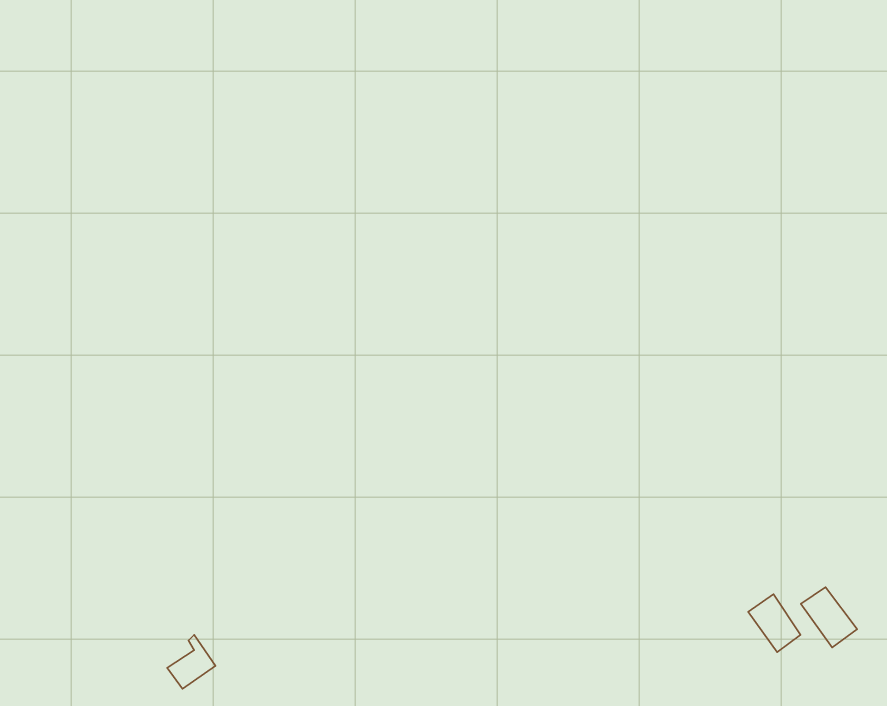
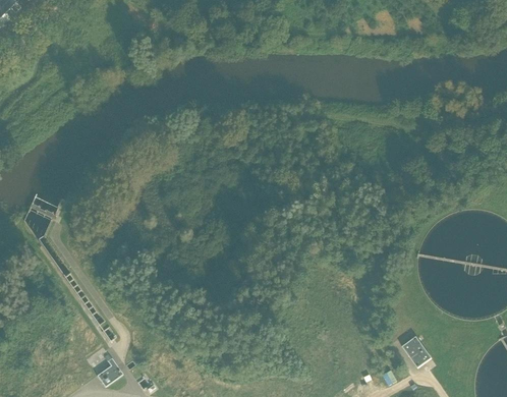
building: [801,587,857,648] -> none

